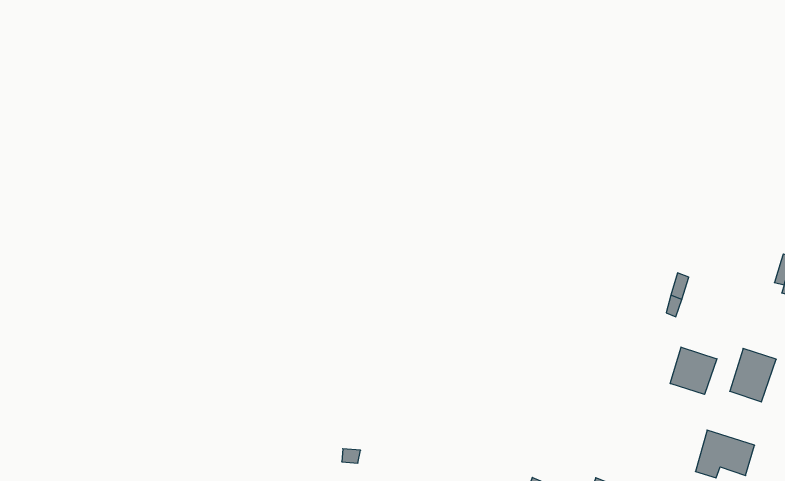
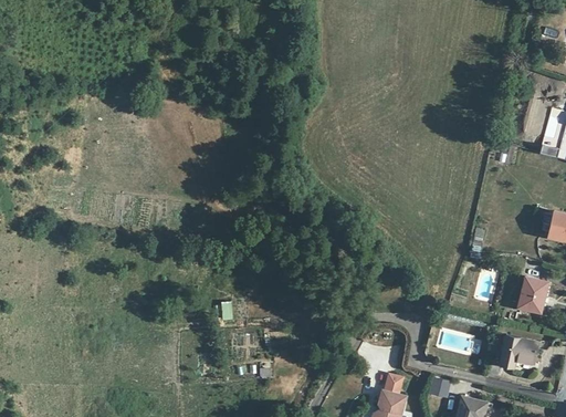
building: [670,347,717,394] -> none

